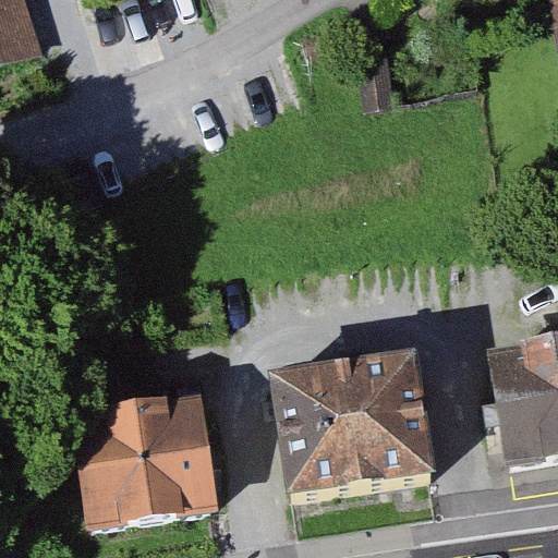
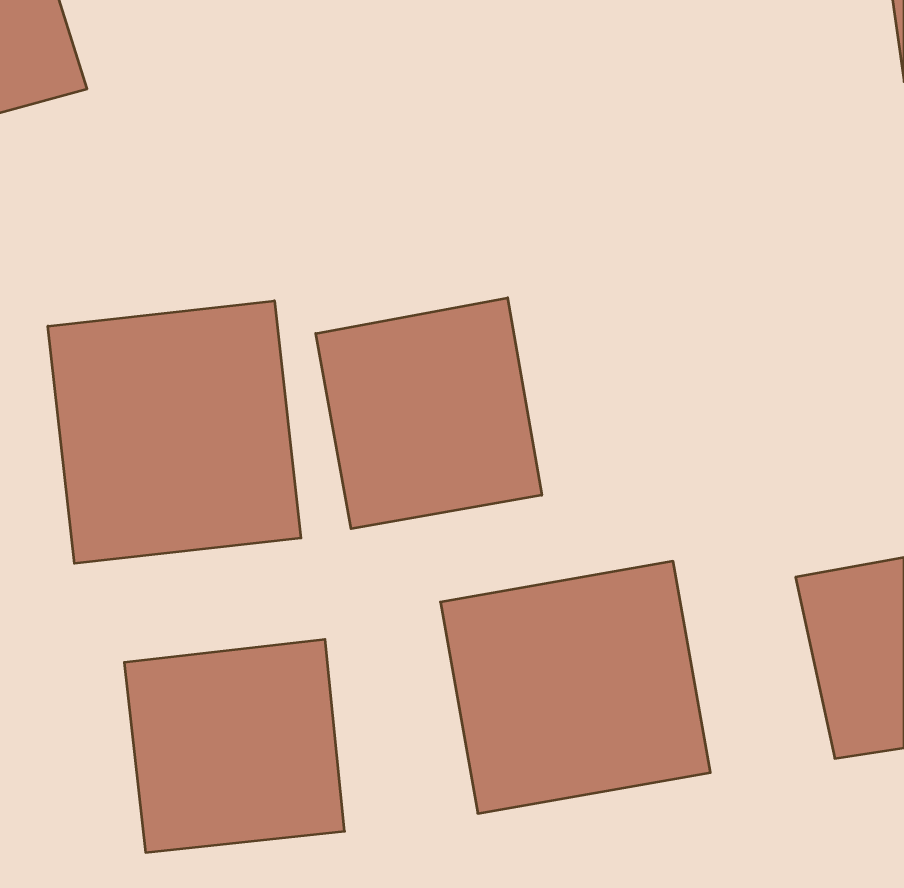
building: none -> [316,298,542,529]
building: none -> [48,301,301,563]

